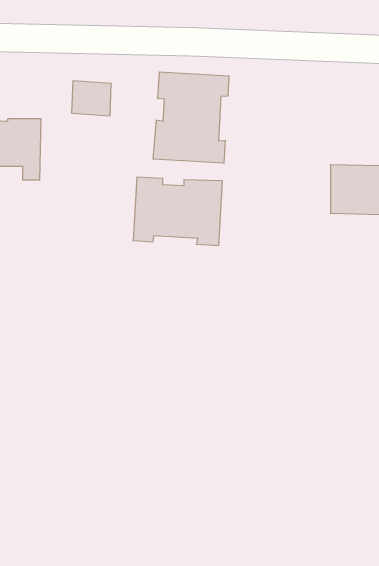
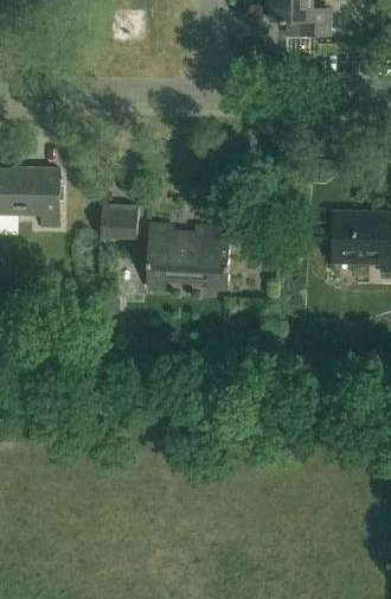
building: [153,72,229,163] -> none
building: [72,81,111,116] -> [102,204,140,237]

